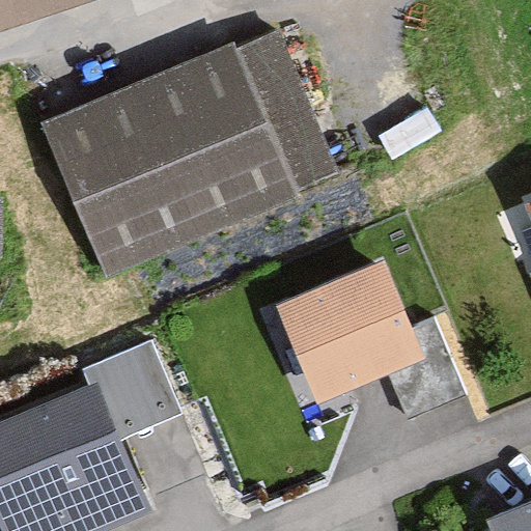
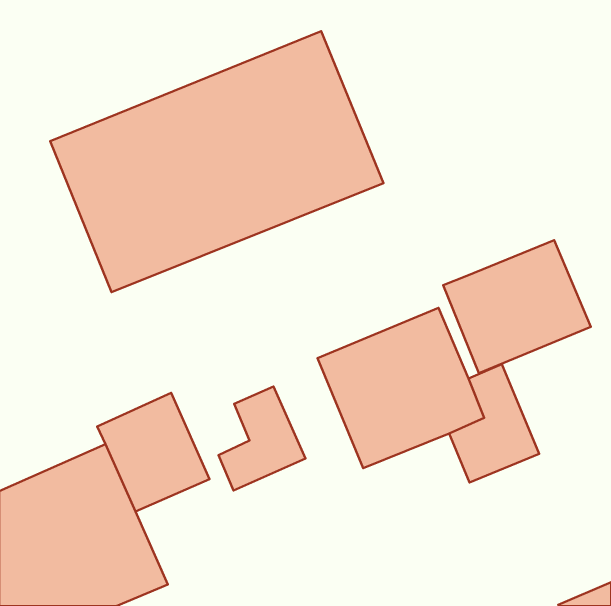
building: none -> [443,240,591,373]
building: none -> [218,386,306,490]

